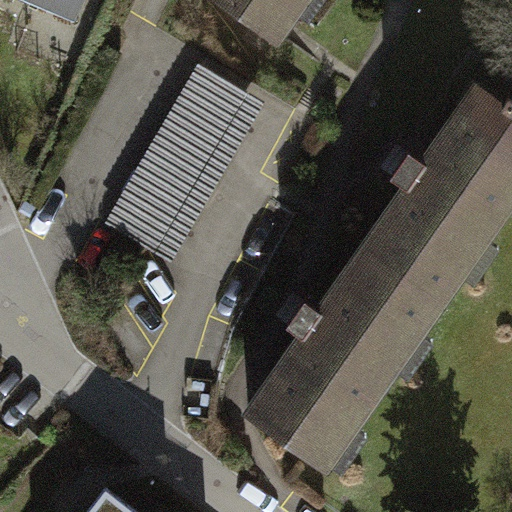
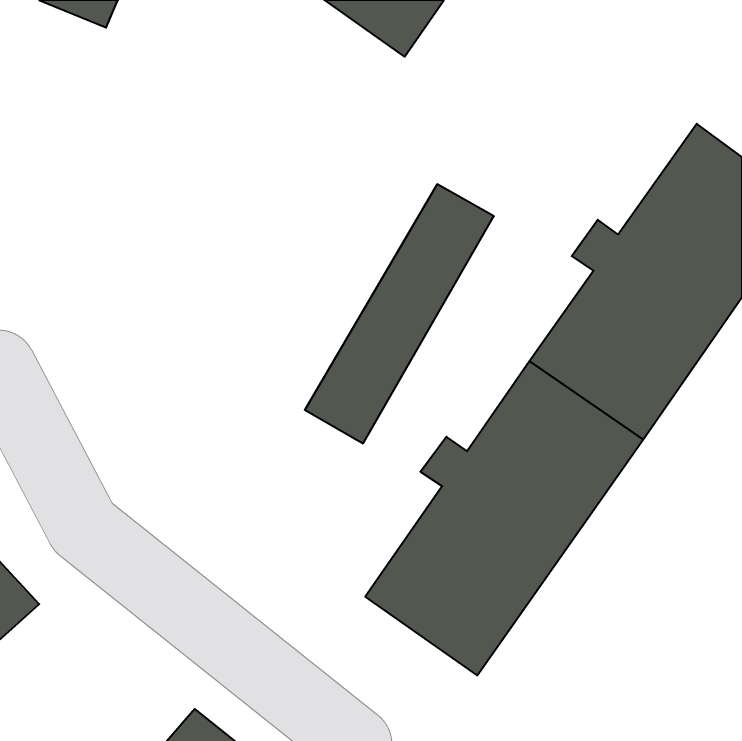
building: [116,72,246,250] -> [305,184,494,443]

